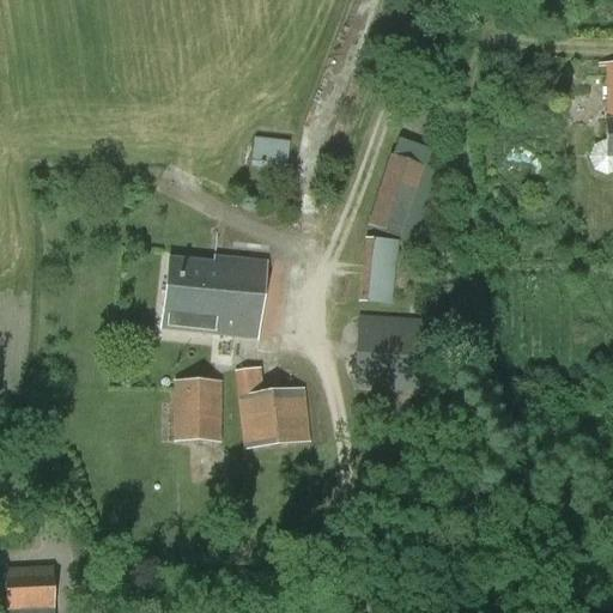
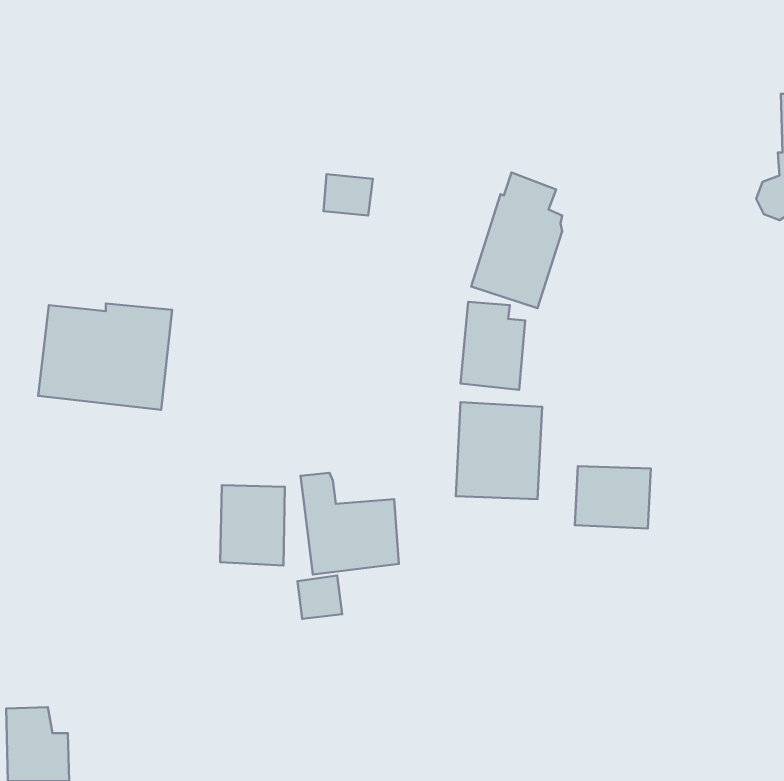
building: [163,254,267,336] -> [38,304,172,410]
building: none -> [575,466,651,529]
building: none -> [297,576,342,619]

